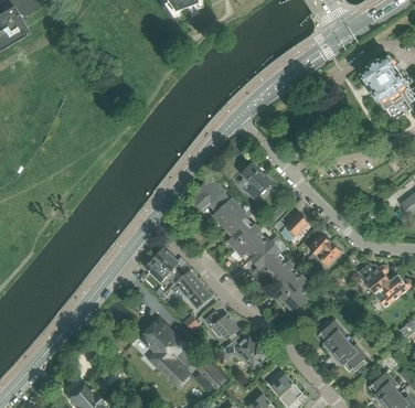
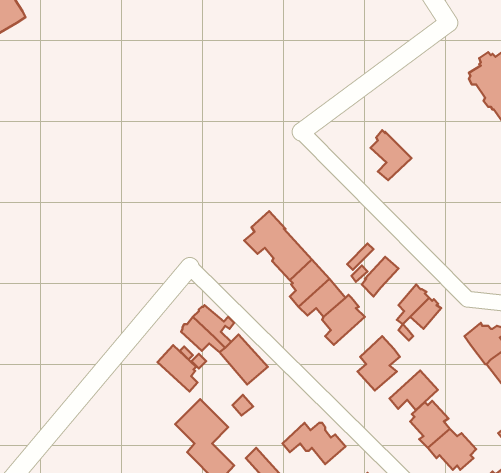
building: [242,161,273,198] -> [370,130,411,180]
building: [260,257,297,287] -> [389,371,438,410]
building: none -> [157,345,197,392]
building: [205,310,240,340] -> none

